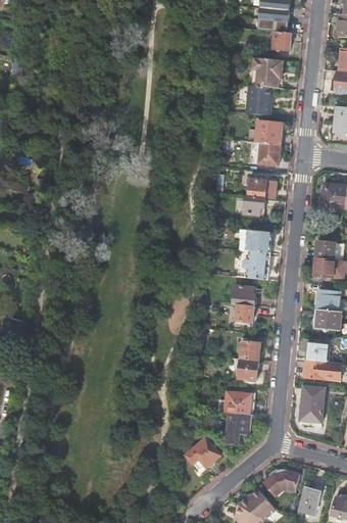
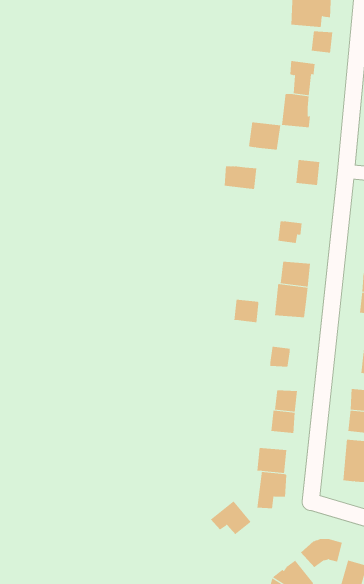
building: [254,121,283,145] -> [248,122,281,150]
building: [248,179,277,199] -> [224,166,257,189]
building: [234,286,256,306] -> [234,299,260,323]

